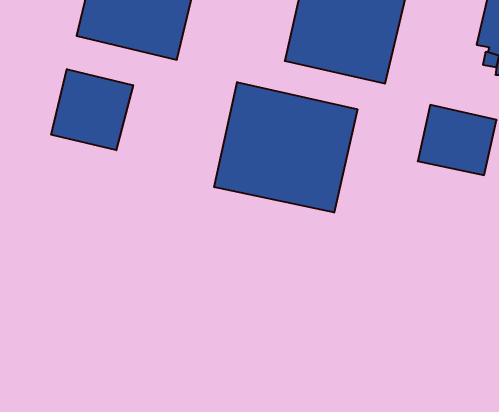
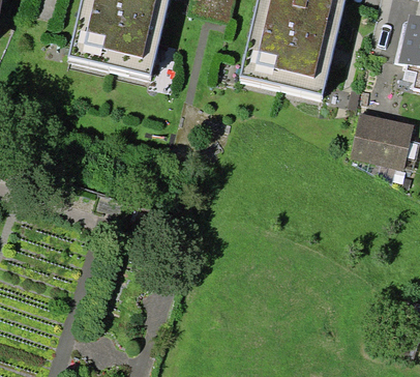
building: [51,69,133,150] -> none
building: [214,82,357,213] -> none

